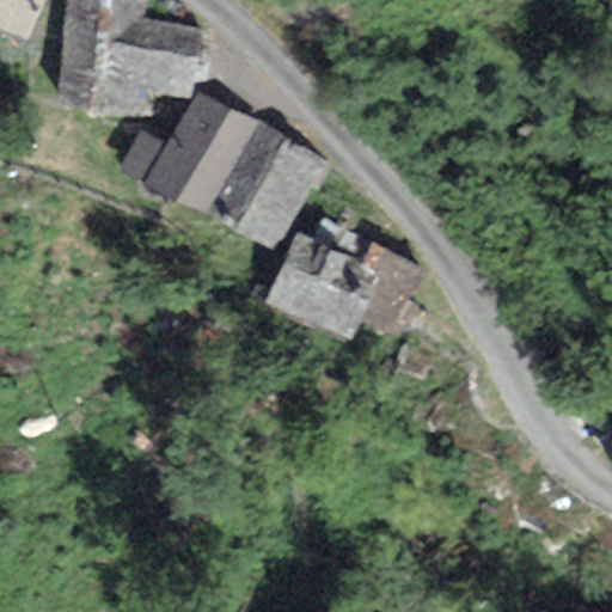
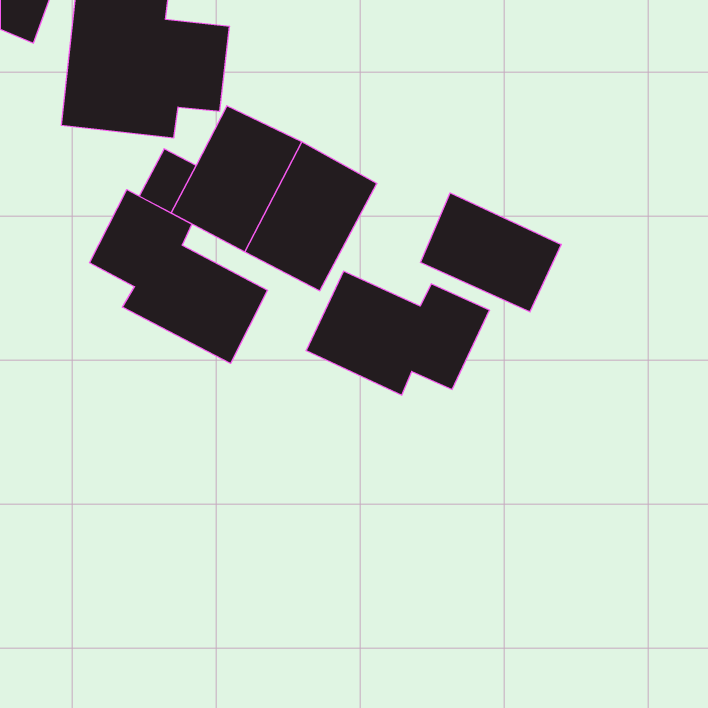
building: none -> [90,190,268,363]
building: none -> [421,193,561,312]

